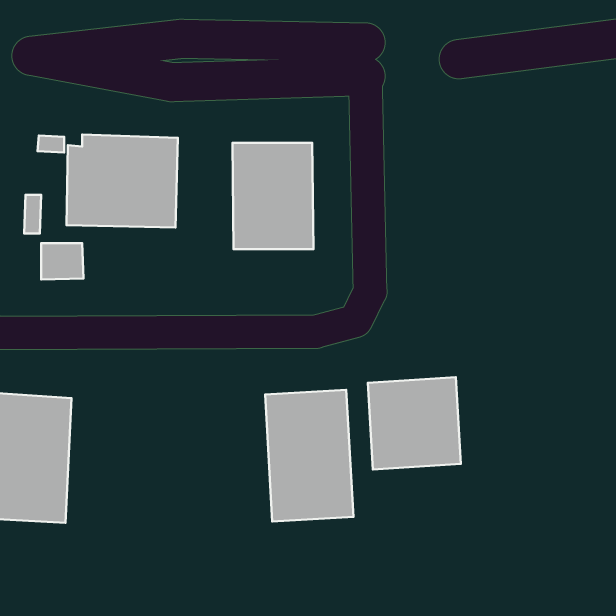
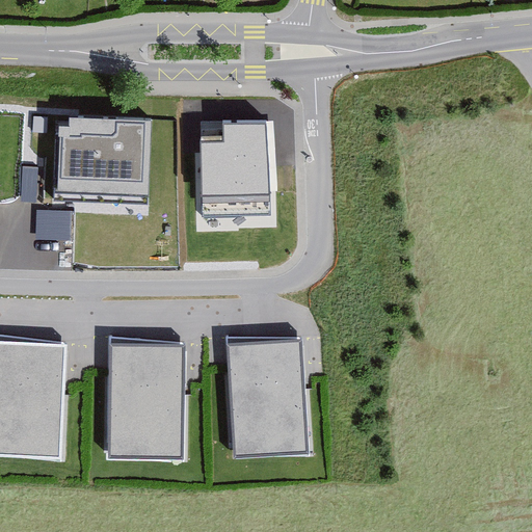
building: [368,377,461,470] -> none
building: none -> [109,343,180,451]

